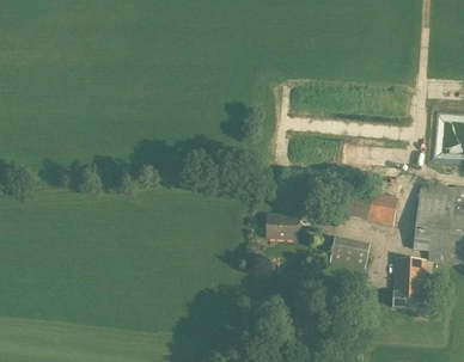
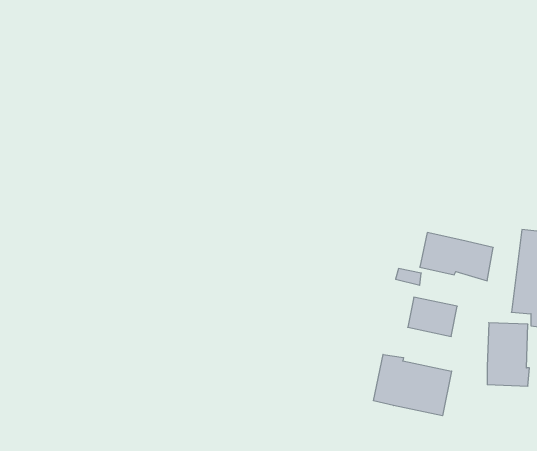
building: [265,215,297,238] -> none
building: none -> [374,354,452,416]

